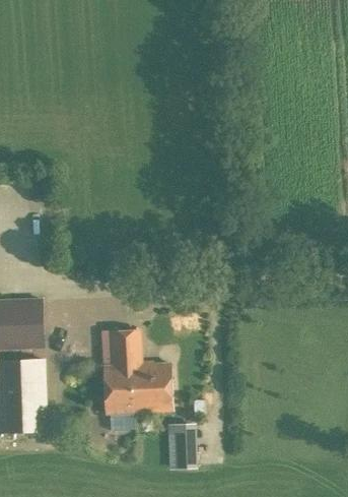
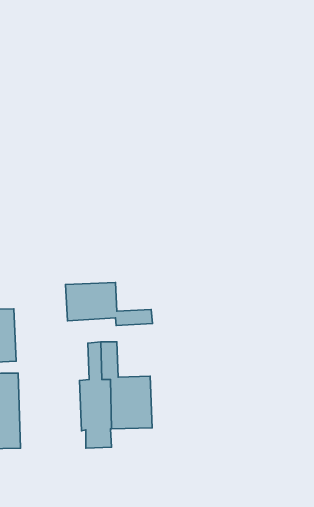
building: none -> [65,282,152,326]
building: [166,423,197,469] -> none

